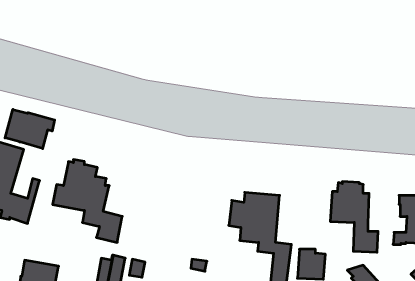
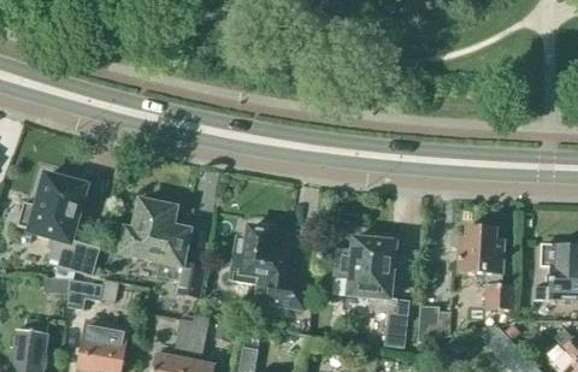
building: [5,109,55,149] -> none
building: none -> [231,223,293,306]
building: none -> [67,278,118,309]

